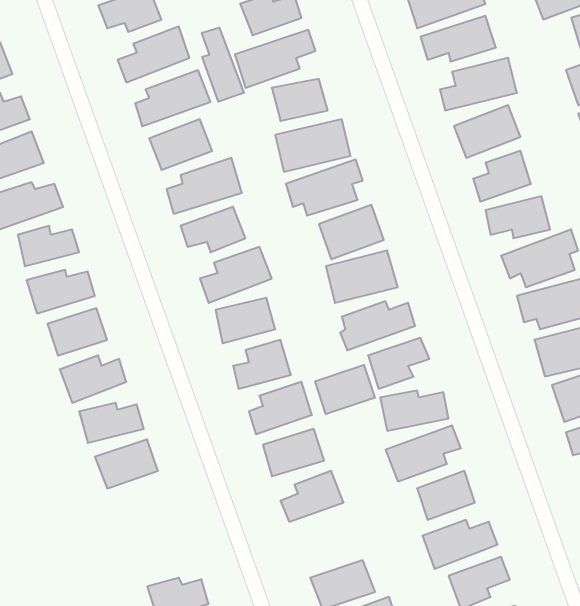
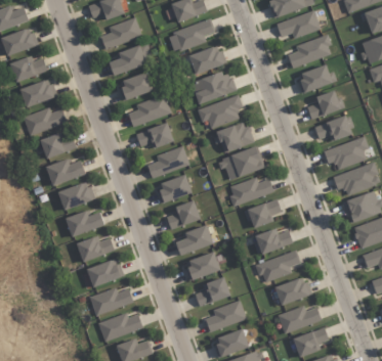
building: [202,27,244,102] -> none
building: [315,365,375,414] -> none
building: none -> [90,288,134,315]
building: none -> [204,300,247,332]
building: none -> [98,313,143,342]

